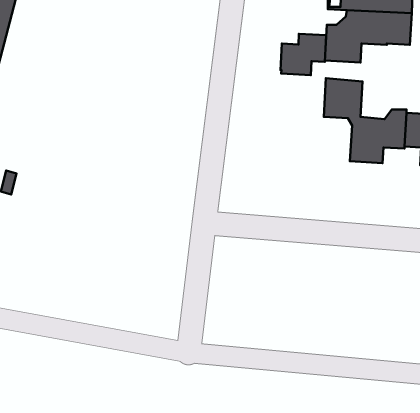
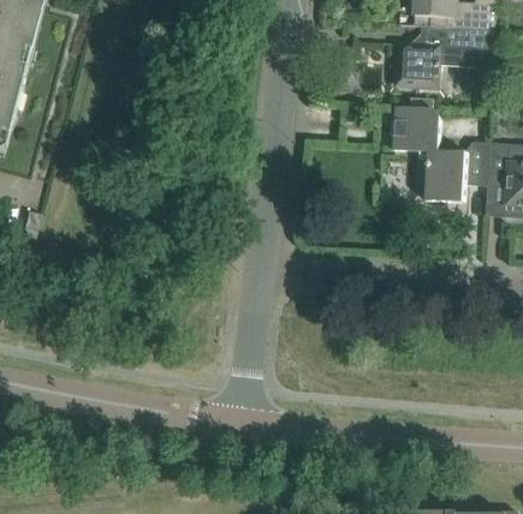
building: [281,34,326,75] -> none

